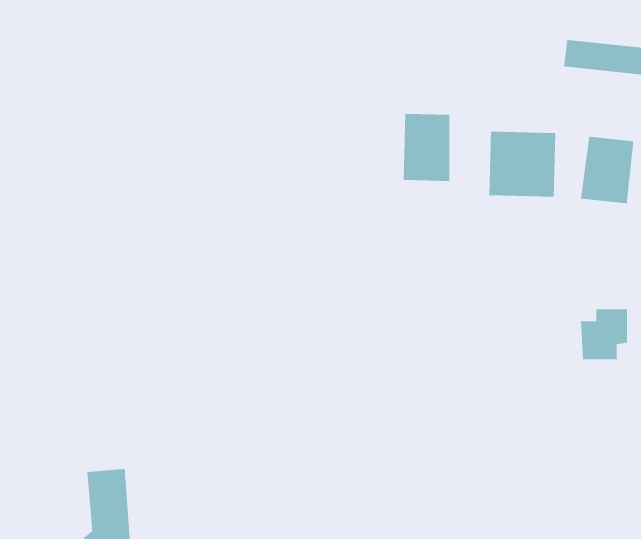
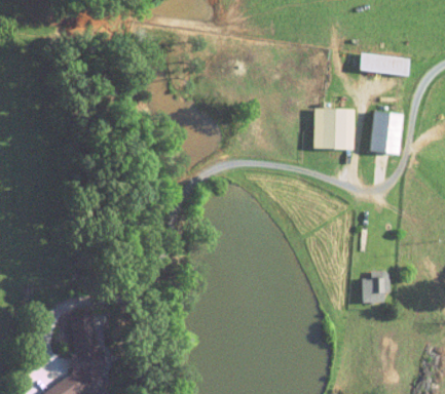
building: [403,113,450,182] -> none
building: [580,309,628,360] -> [361,271,390,302]

